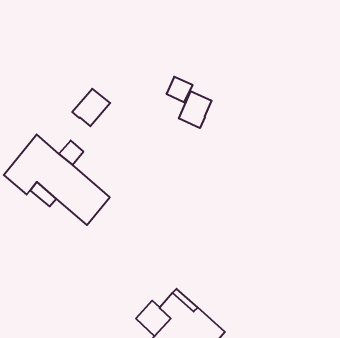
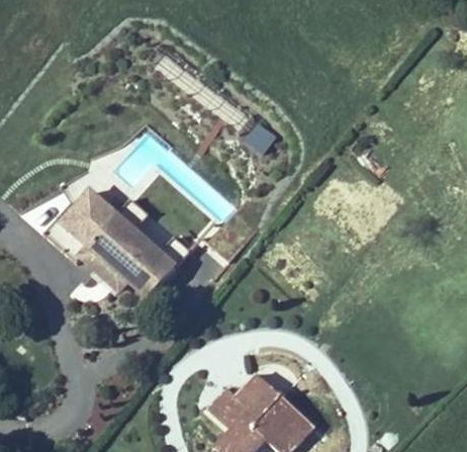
building: [72,89,110,126] -> none
building: [179,91,212,128] -> none

